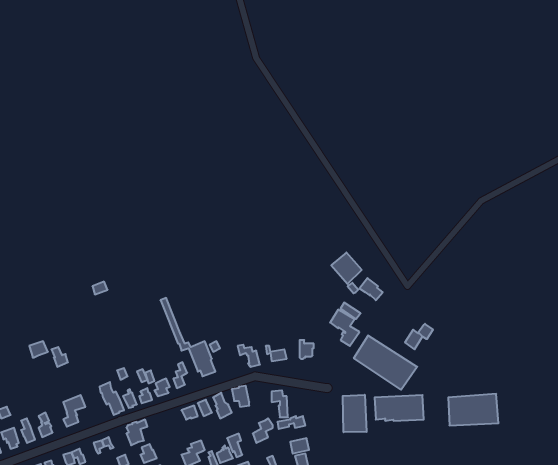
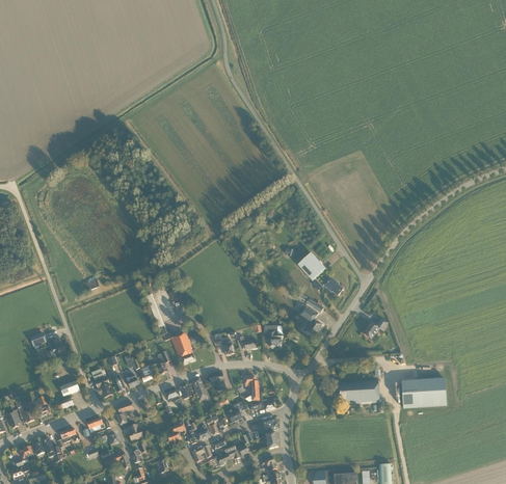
building: [354,335,417,390] -> none
building: [343,395,367,432] -> none

